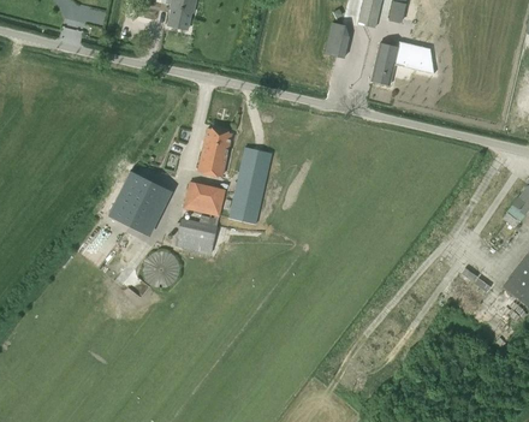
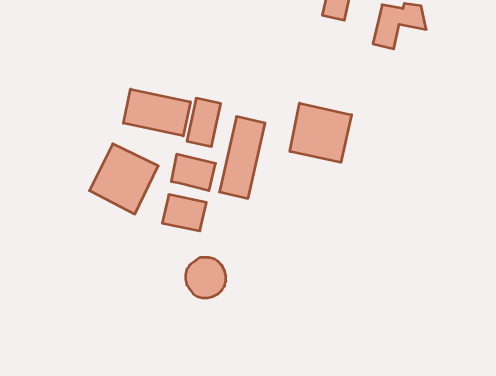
building: none -> [123,89,190,136]
building: none -> [290,103,352,162]
building: [142,250,179,287] -> [186,258,226,298]

